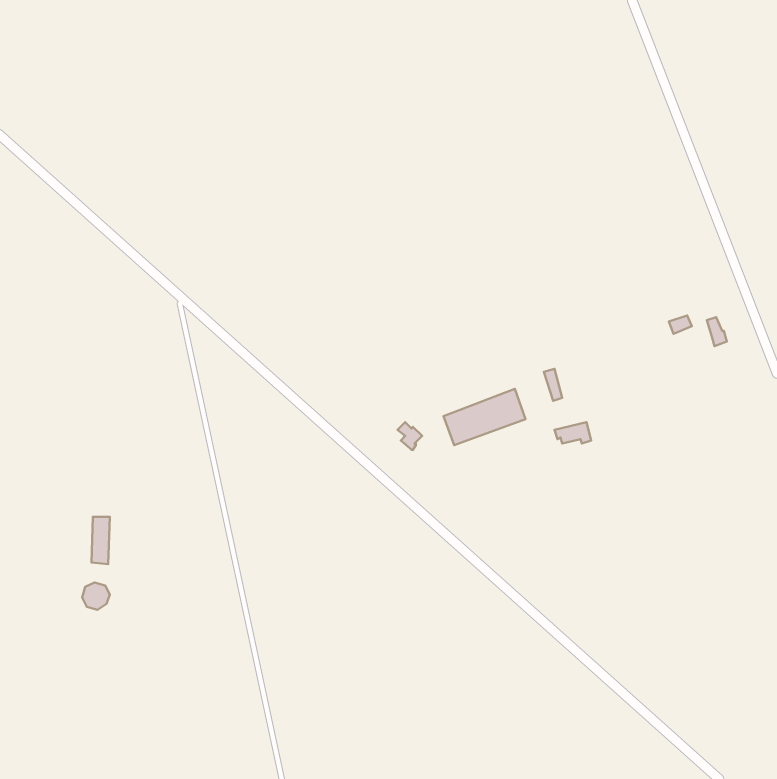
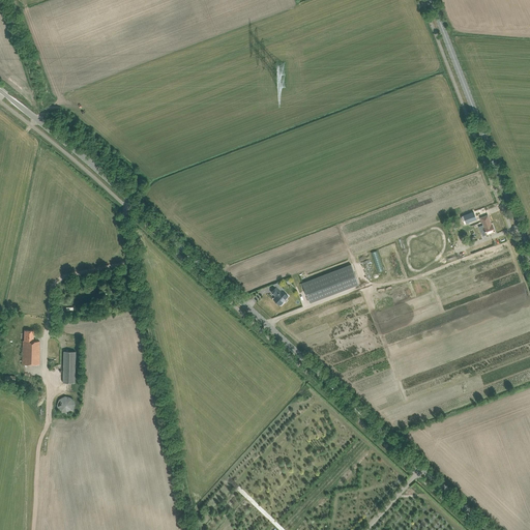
building: none -> [21,330,39,364]

